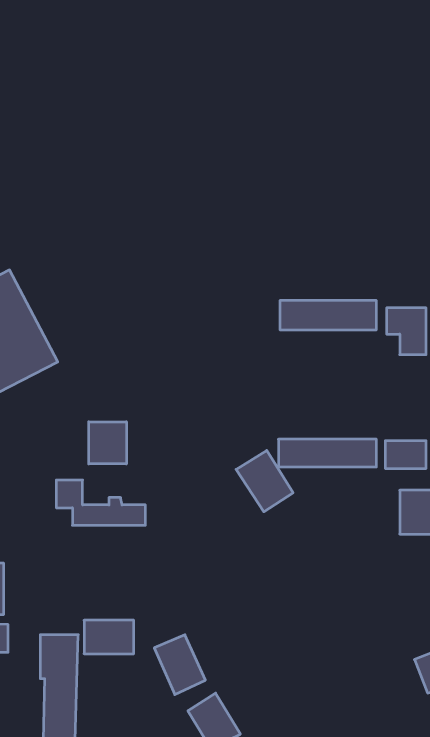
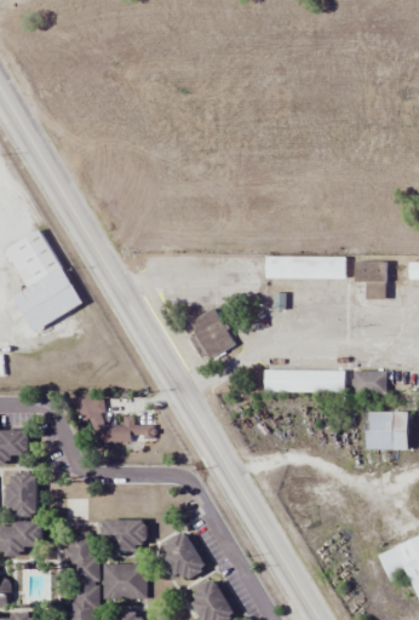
building: [89,422,126,464] -> none
building: [236,450,293,512] -> [186,308,234,358]
building: none -> [103,563,145,599]

